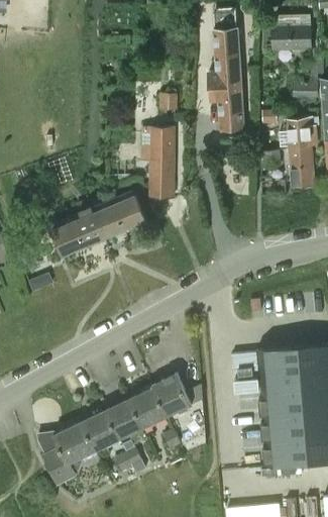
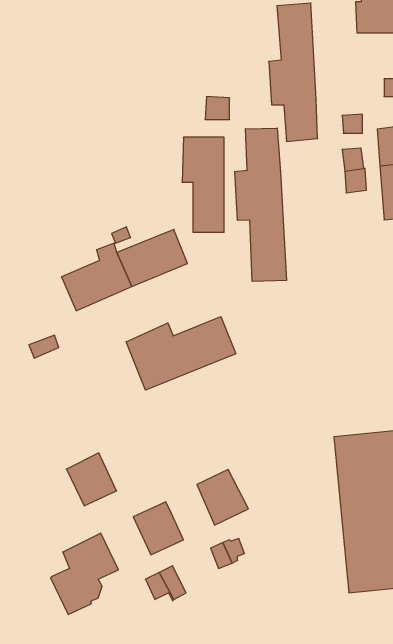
building: none -> [235,128,286,281]
building: none -> [126,317,236,390]
building: [130,386,167,427] -> none
building: [82,410,119,449] -> [66,453,117,506]

